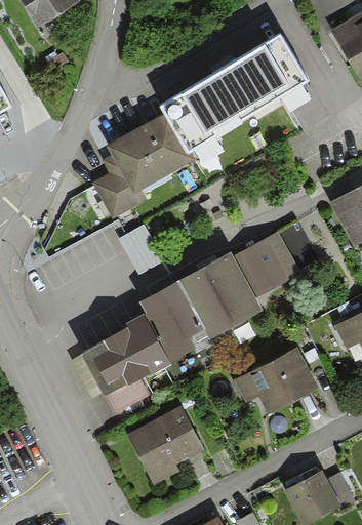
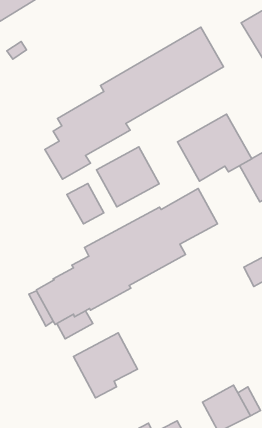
building: none -> [178,114,252,181]
building: none -> [97,147,159,207]
building: [234,346,320,414] -> none

